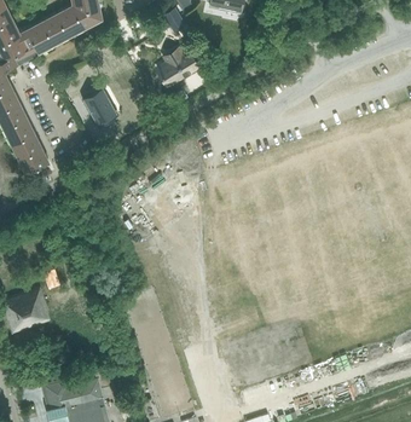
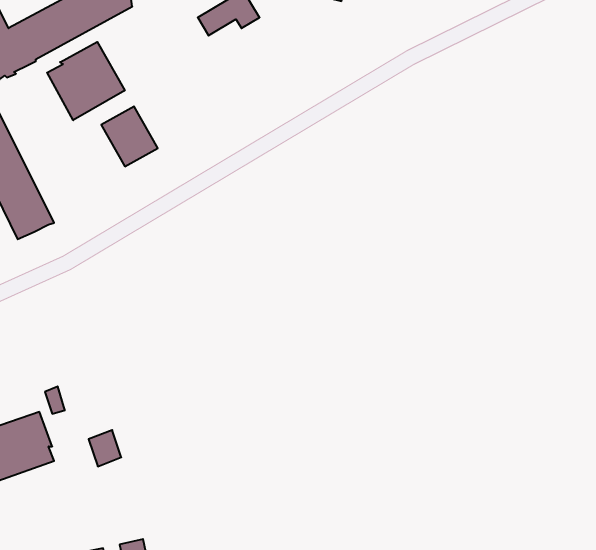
building: none -> [47,42,125,120]
building: [162,50,197,83] -> none

